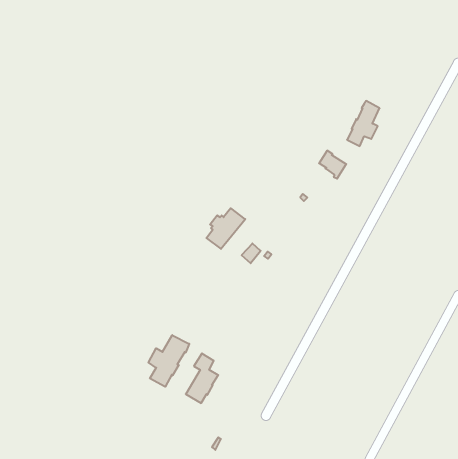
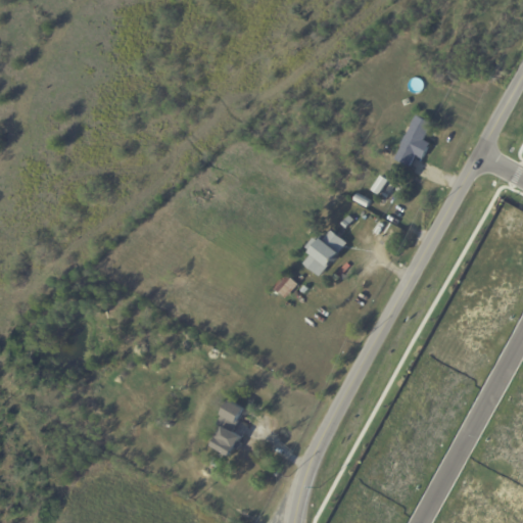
building: [206,208,245,249] -> [301,230,345,276]
building: [148,335,189,387] -> none

